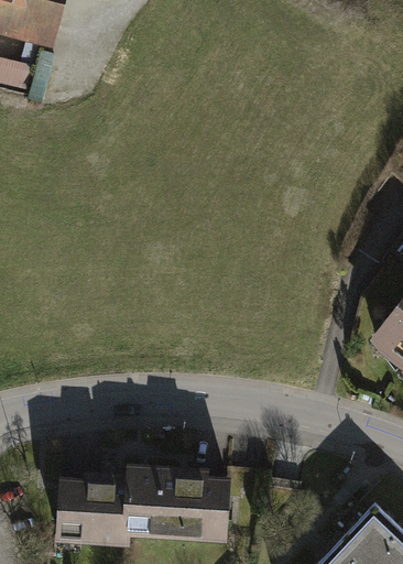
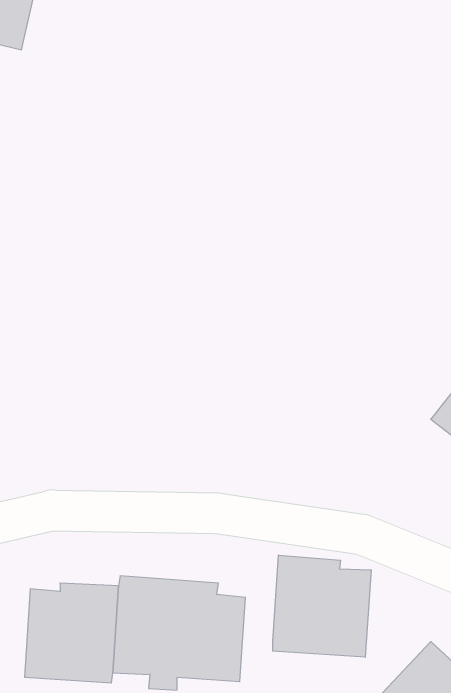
building: none -> [273,555,371,657]

